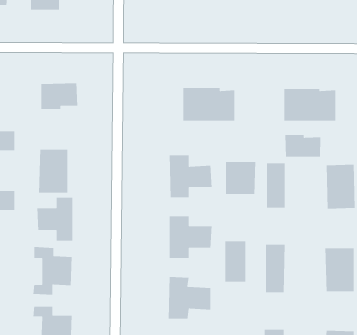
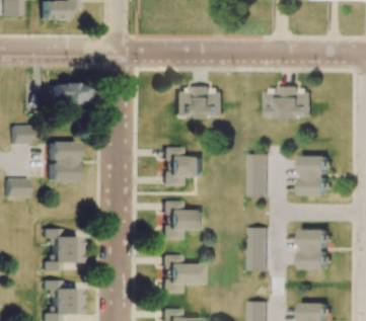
building: [284,134,321,158] -> none
building: [225,161,256,195] -> none
building: [36,197,73,242] -> none
building: [224,240,246,283] -> none

